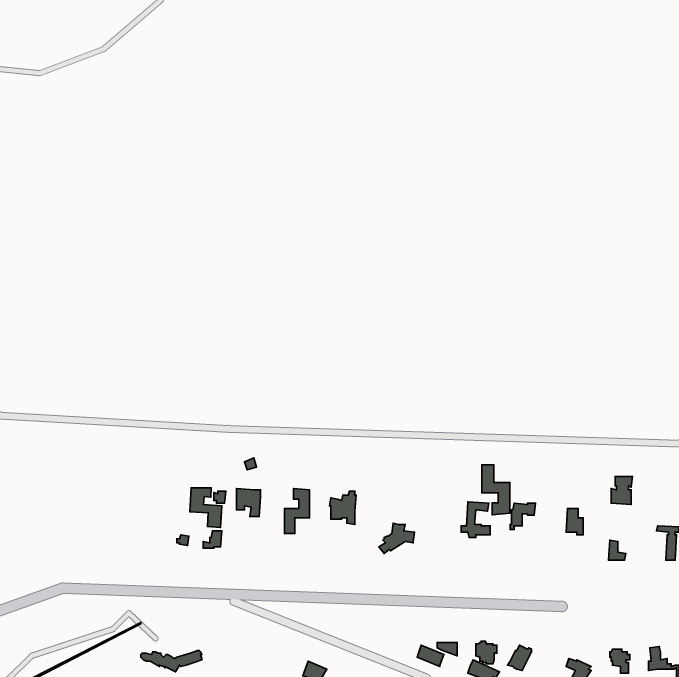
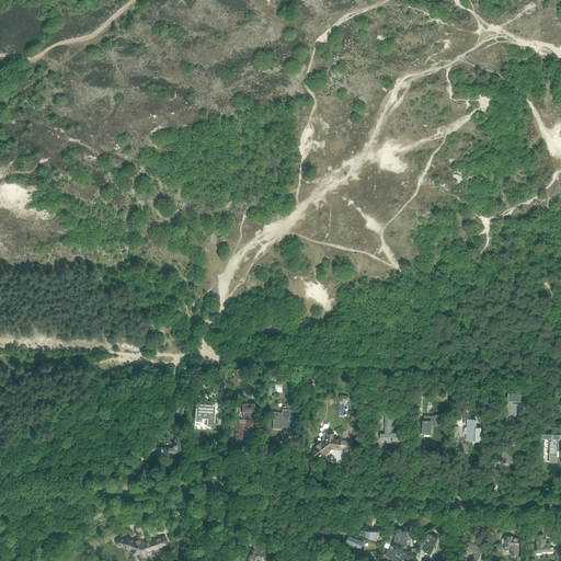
building: [482,465,510,515] -> none
building: [190,488,222,527] -> none

